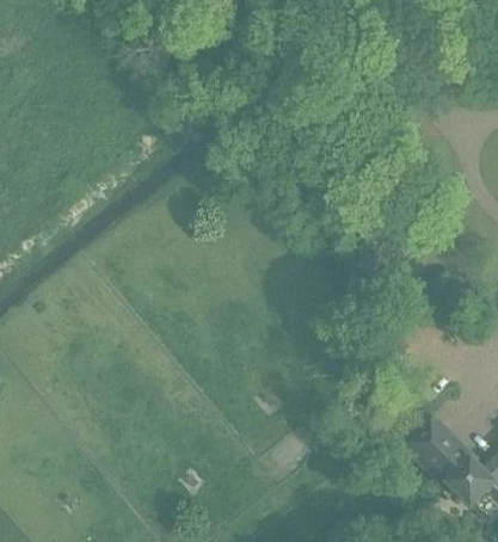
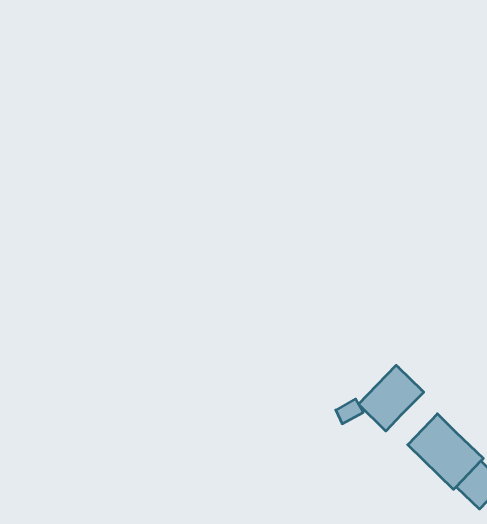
building: none -> [358,365,424,431]

